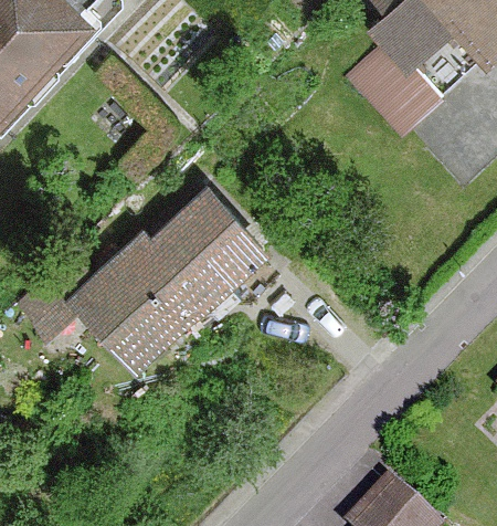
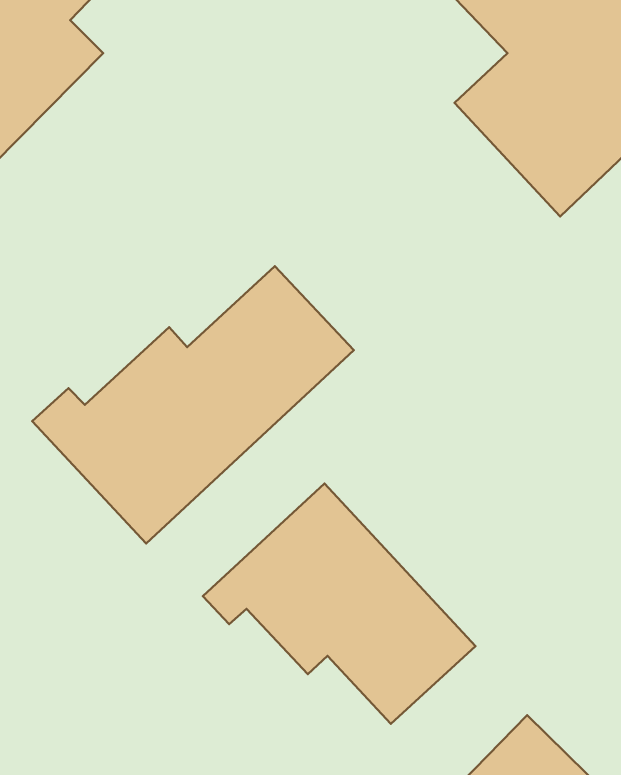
building: none -> [203,483,476,724]

